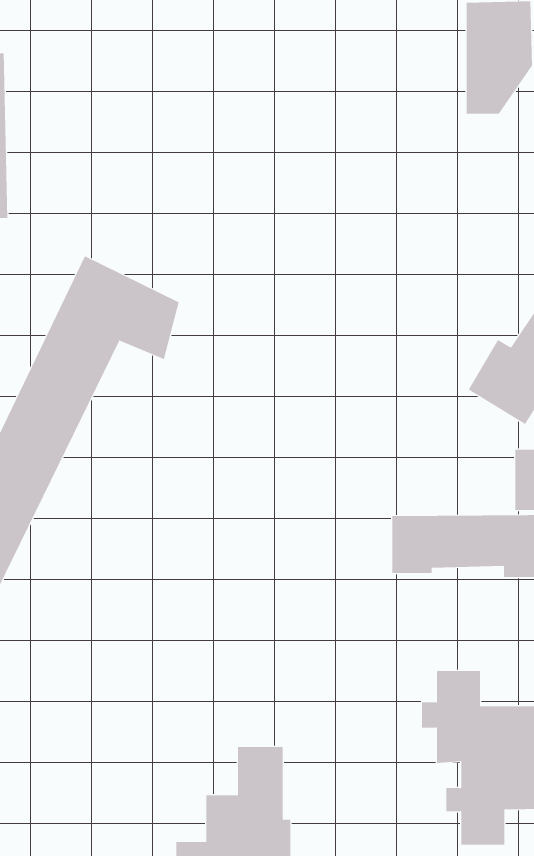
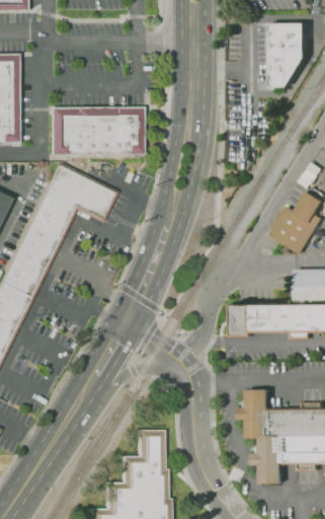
building: none -> [52,106,144,153]

